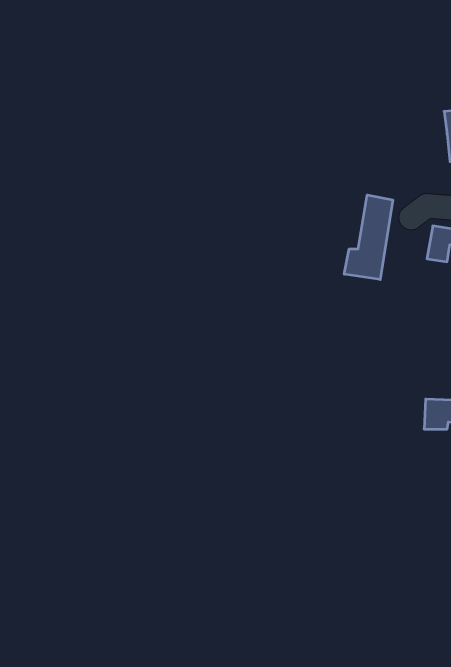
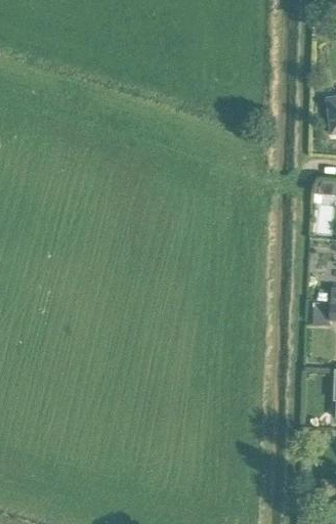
building: [344,195,393,280] -> none

